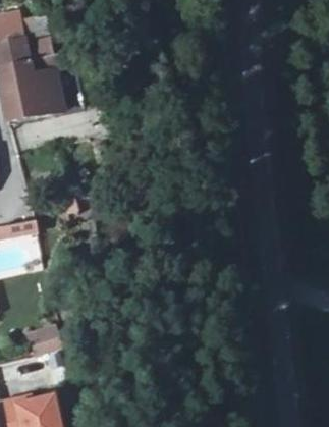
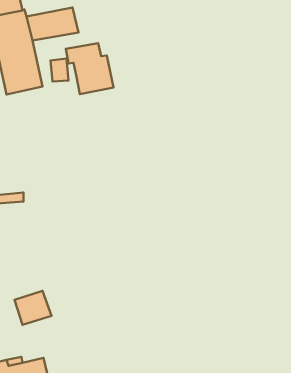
building: none -> [66,43,114,94]

